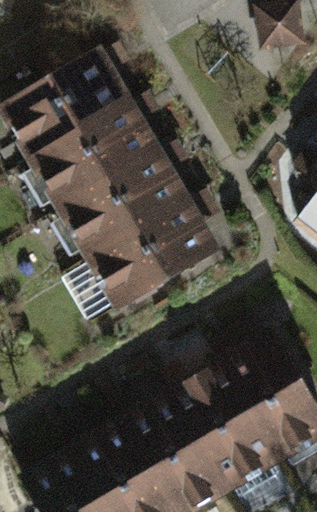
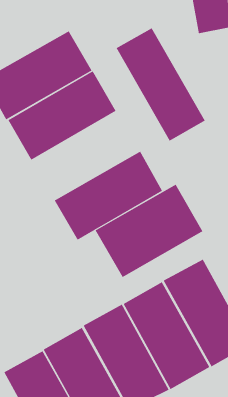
building: none -> [116,27,206,142]
building: [54,149,190,261] -> none
building: none -> [95,184,203,278]

